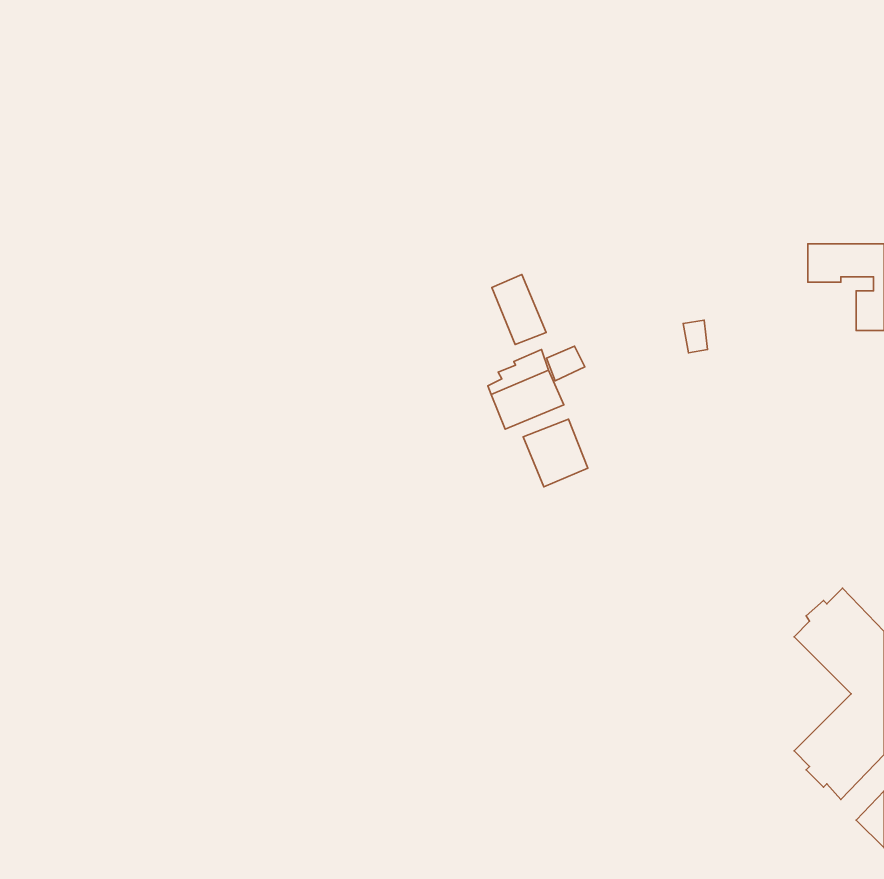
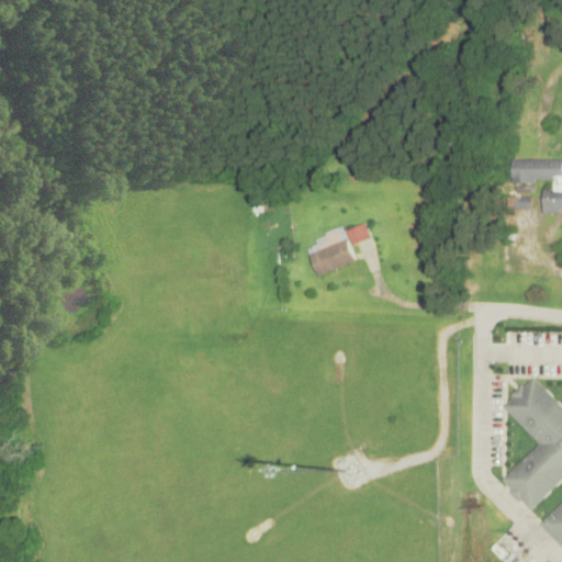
building: [492,274,546,344] -> none
building: [523,419,588,487] -> none

